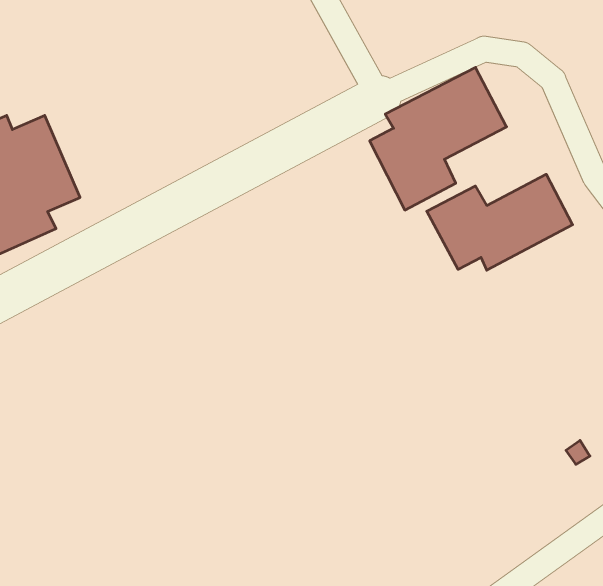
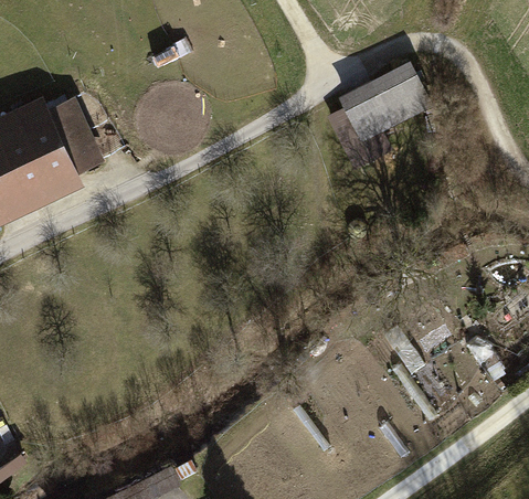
building: [427,174,573,270] -> none

